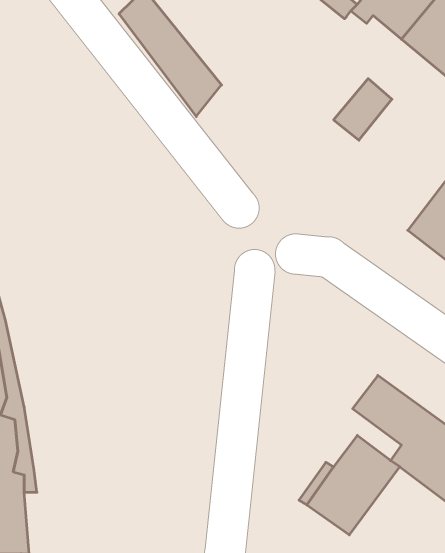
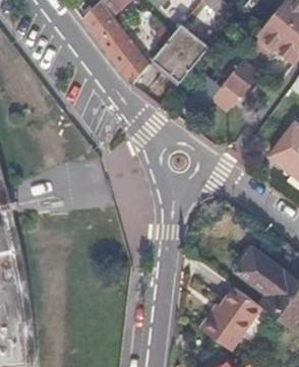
building: none -> [153,24,207,81]

